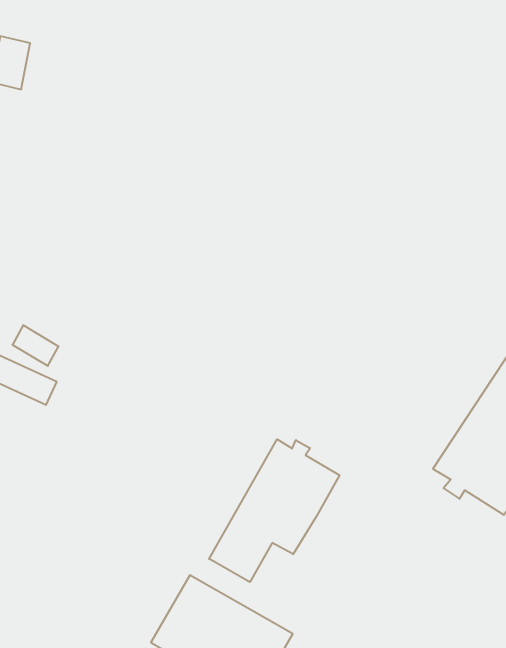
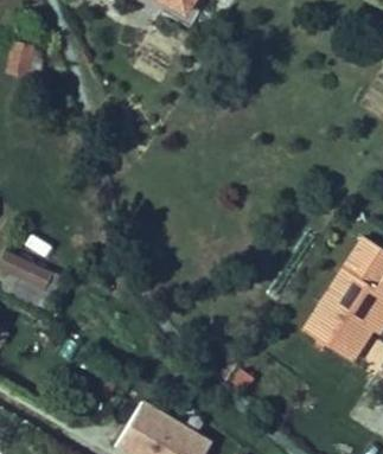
building: [209,439,339,582] -> none

